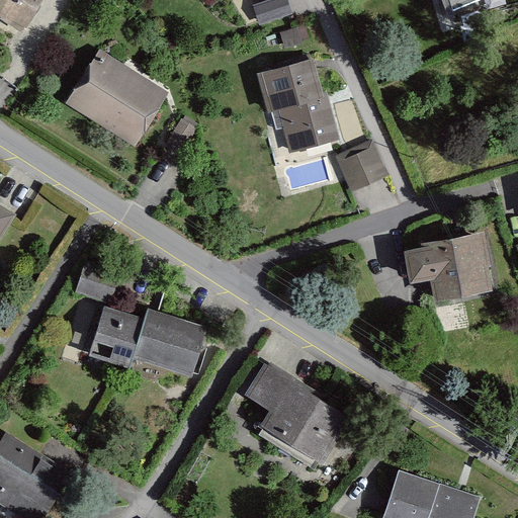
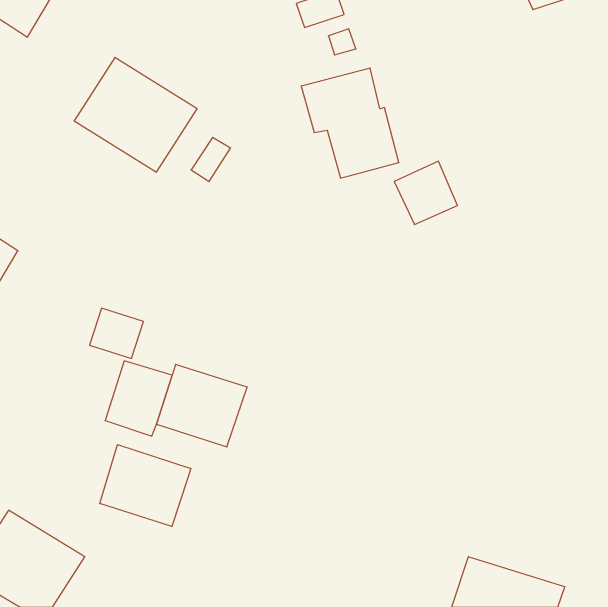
building: [402,233,492,301] -> none
building: [242,364,350,465] -> none
building: none -> [100,445,191,527]

